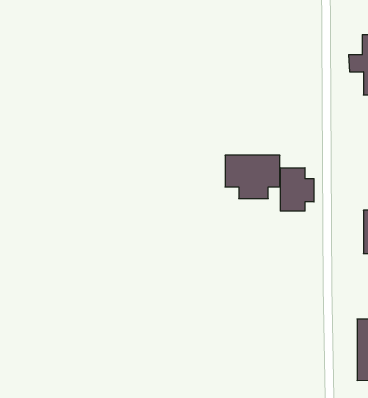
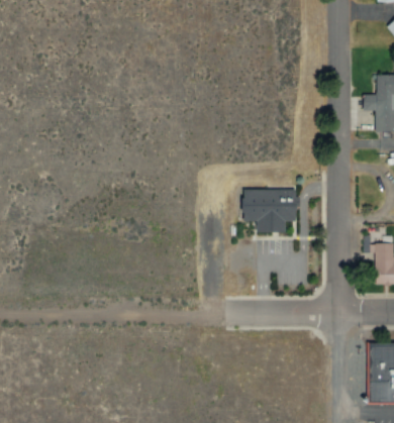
building: [280,168,314,211] -> none

